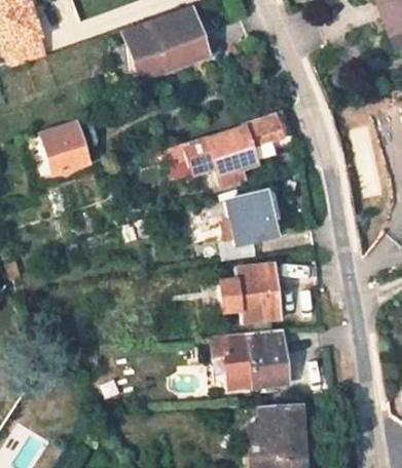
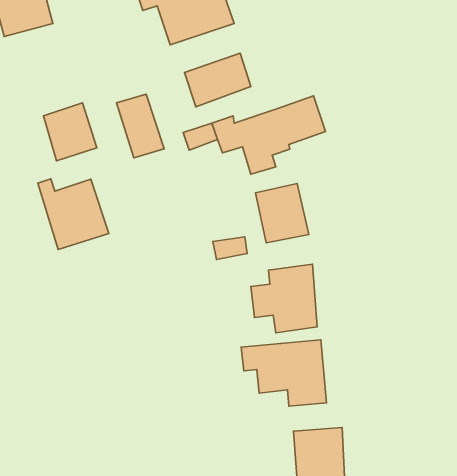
building: none -> [184,53,251,107]
building: none -> [116,94,164,158]
building: none -> [38,179,109,250]

